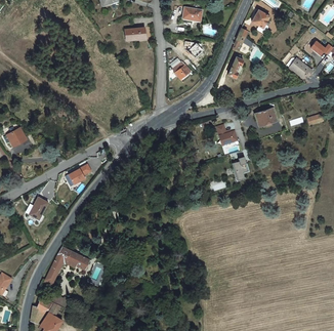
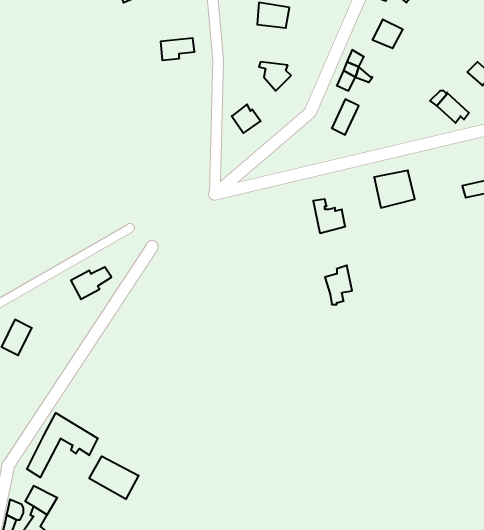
building: none -> [89,456,139,499]

